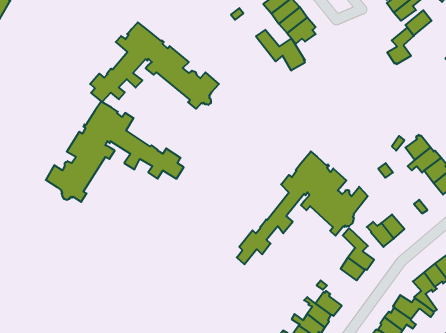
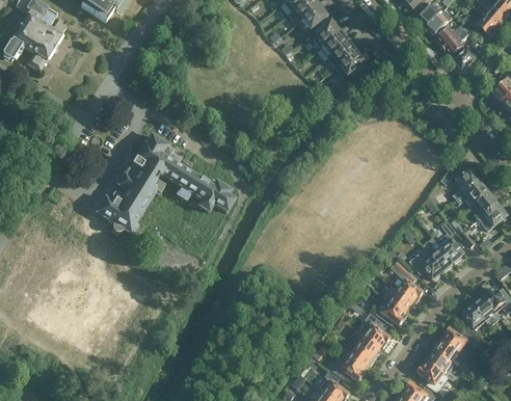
building: [90,22,219,109] -> none
building: [387,28,414,64] -> none
building: [256,30,305,71] -> none
building: [237,151,368,264] -> none
building: none -> [436,220,463,261]
building: none -> [375,300,407,324]

